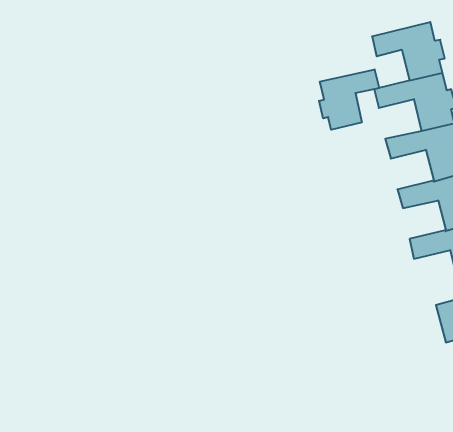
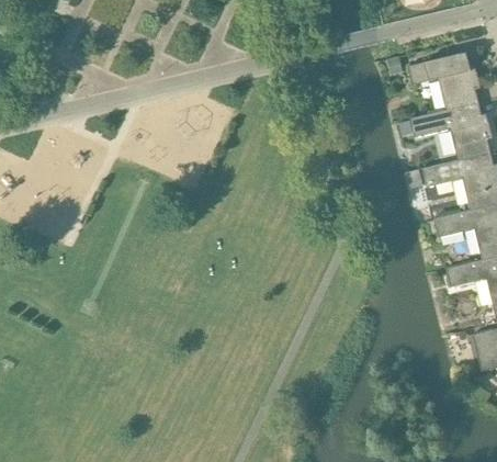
building: [319,69,379,130] -> none

